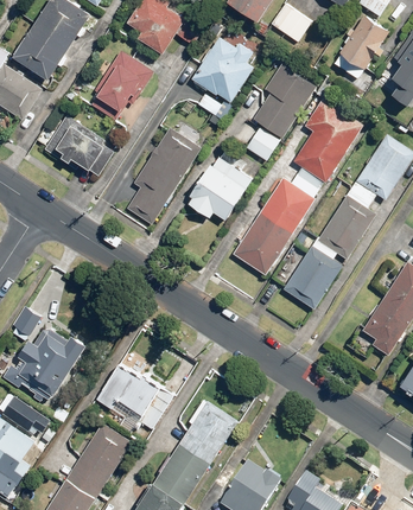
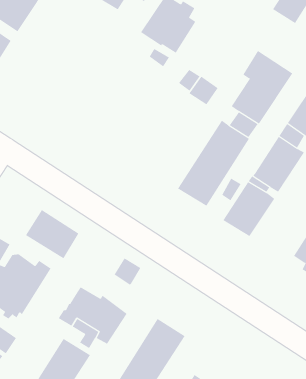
building: [93,50,154,120] -> none
building: [250,64,314,139] -> none
building: [45,114,115,176] -> none
building: [123,128,198,224] -> none
building: [186,157,250,219] -> none
building: none -> [25,209,79,259]
building: none -> [114,258,142,286]

